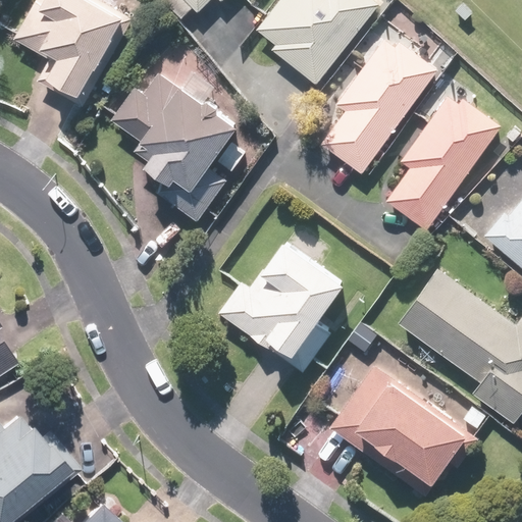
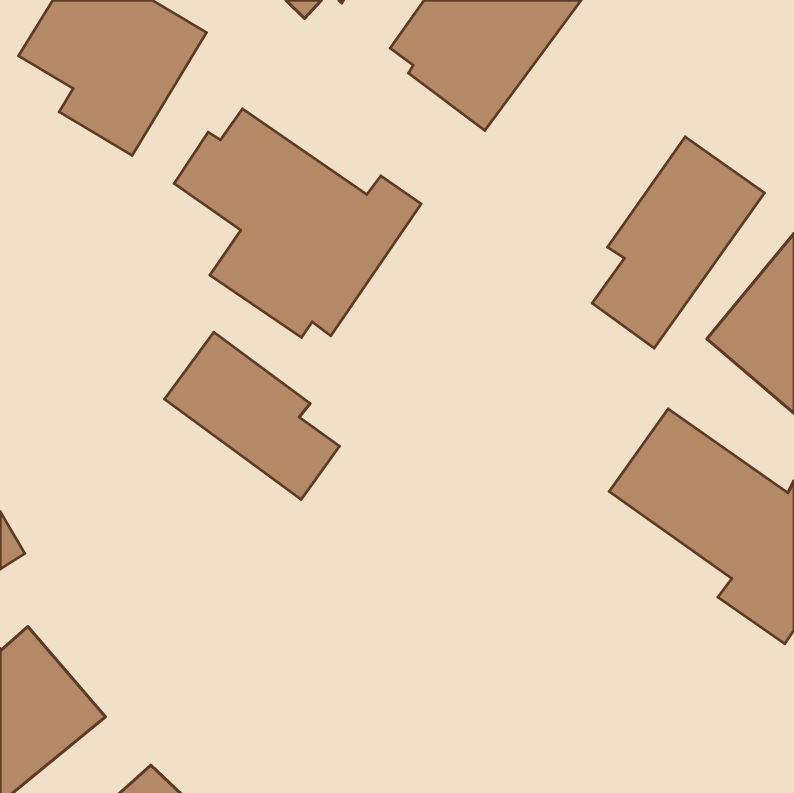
building: [319,35,437,176] -> none
building: none -> [164,332,339,500]
building: [218,243,346,372] -> none
building: [329,362,470,495] -> none

